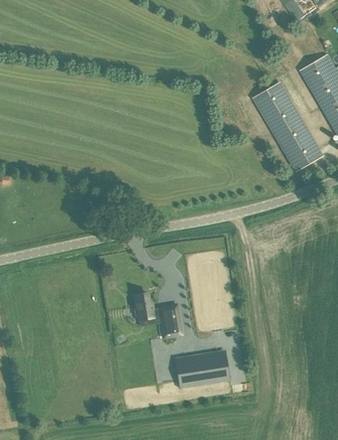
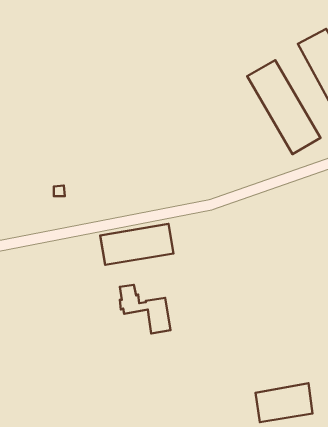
building: none -> [100,224,174,265]
building: [175,350,228,387] -> [255,383,313,422]

